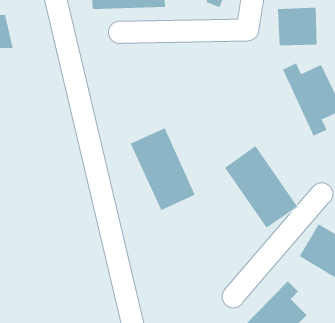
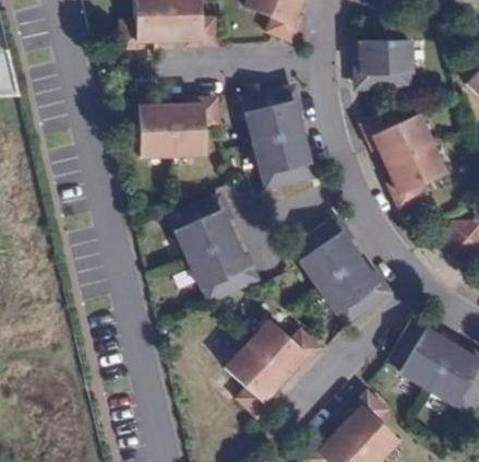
building: none -> [242,85,314,190]
building: none -> [123,104,220,157]
building: none -> [226,320,318,413]

